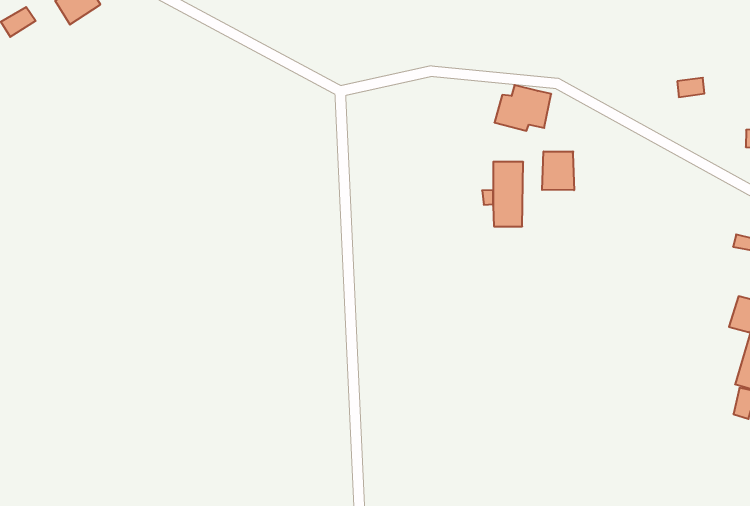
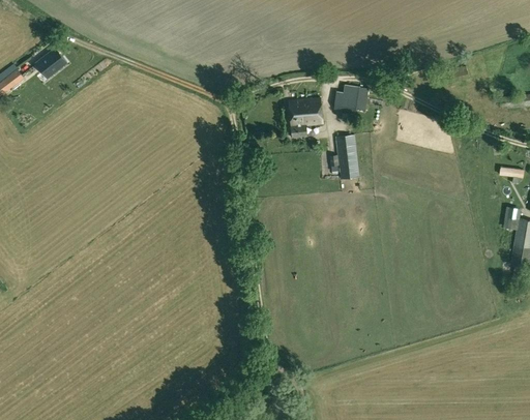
building: none -> [289,98,323,138]
building: [542,151,574,190] -> none

